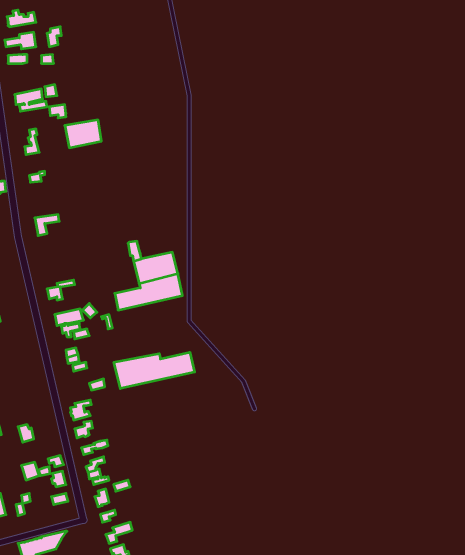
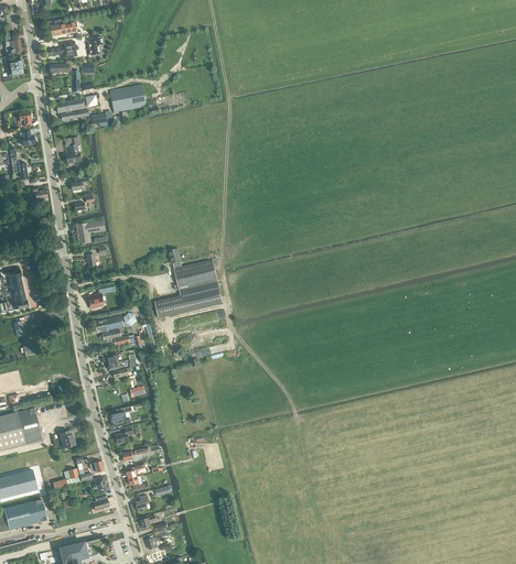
building: [65,120,101,148] -> [108,84,144,111]
building: [114,352,195,389] -> none

